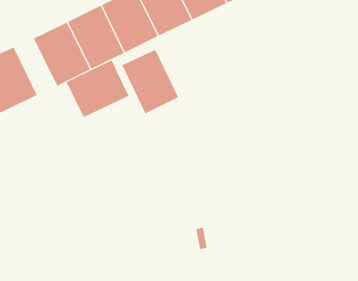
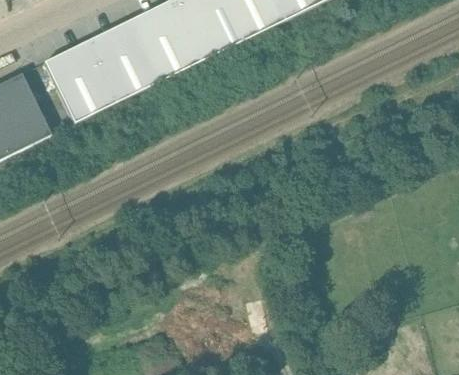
building: [122,49,179,114] -> none
building: [66,60,129,118] -> none

